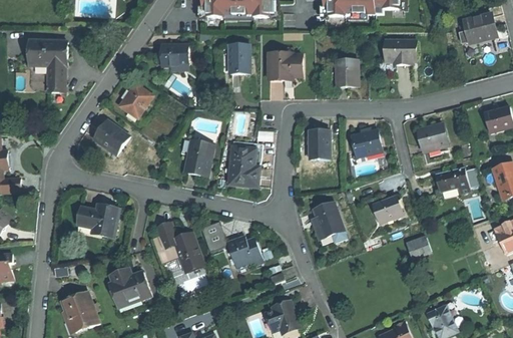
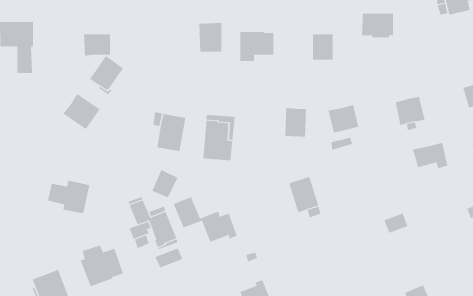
building: [158,50,185,72] -> [83,34,111,56]
building: [372,192,402,219] -> none
building: none -> [152,169,178,198]

